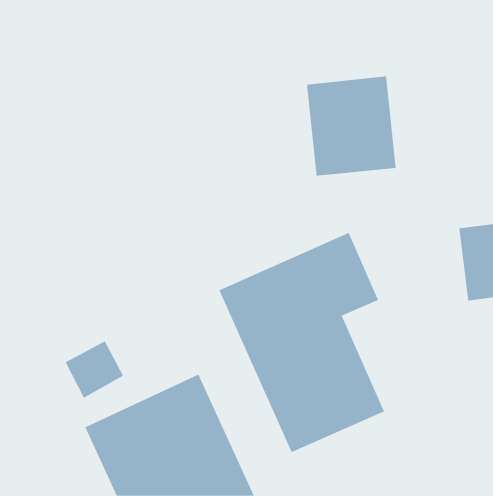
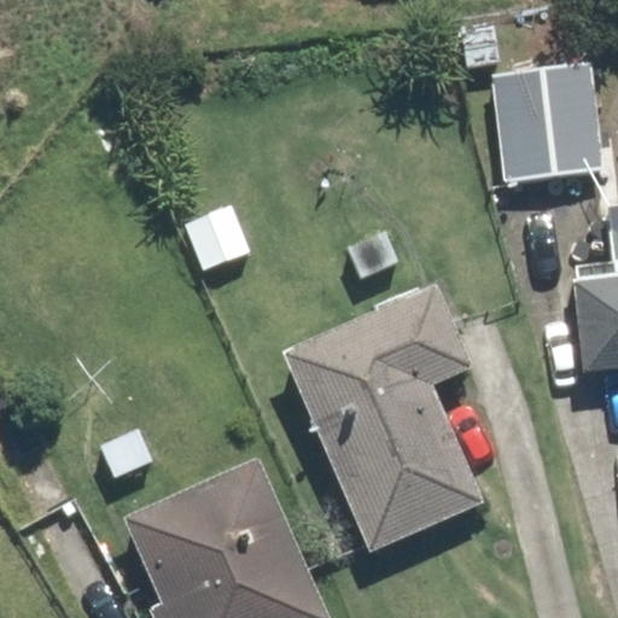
building: [306,76,397,176] -> [492,59,604,182]

